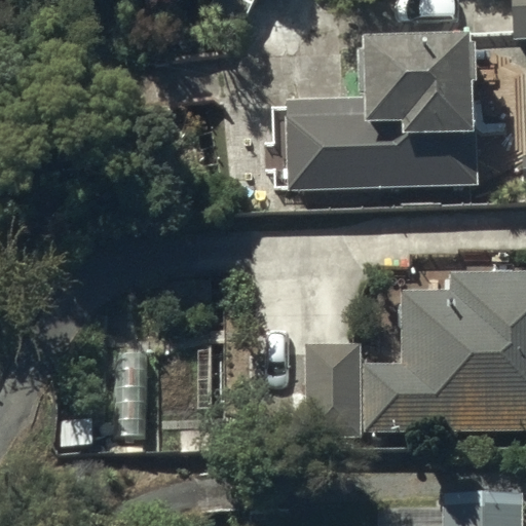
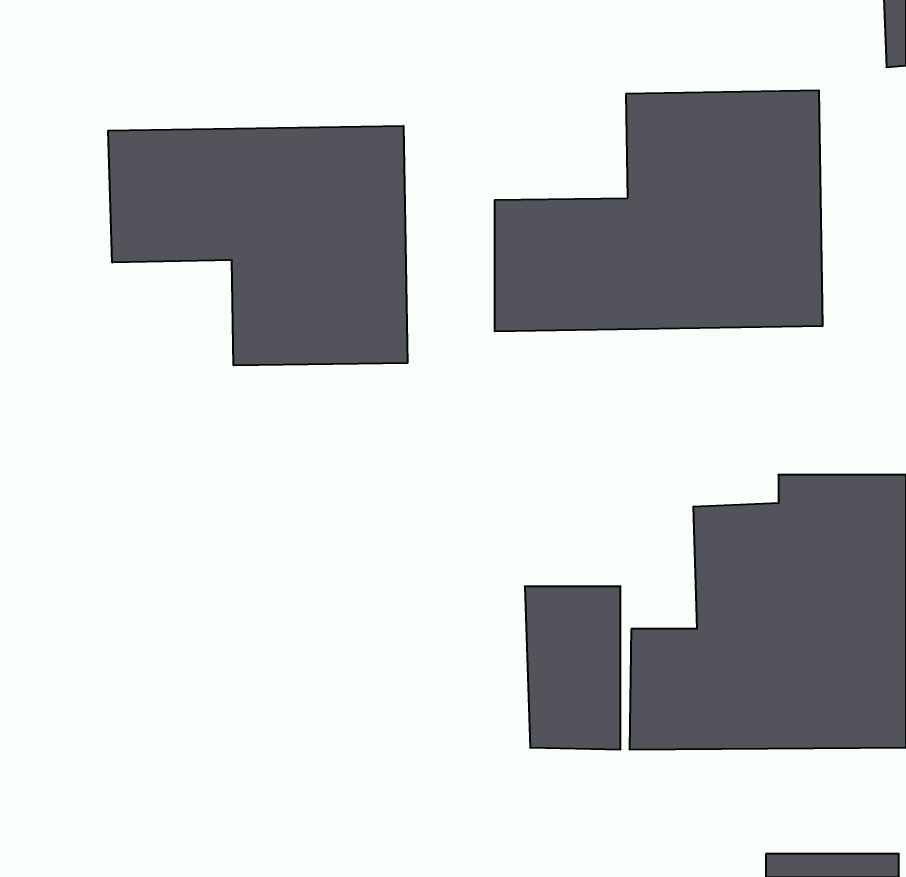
building: none -> [108,126,407,365]

